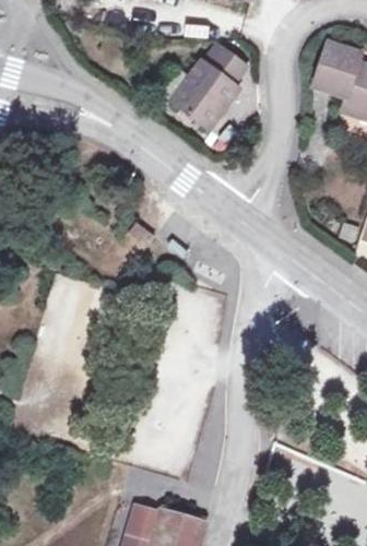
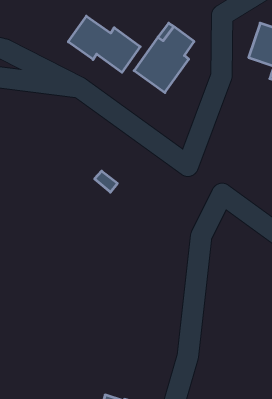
building: none -> [68,16,140,72]

